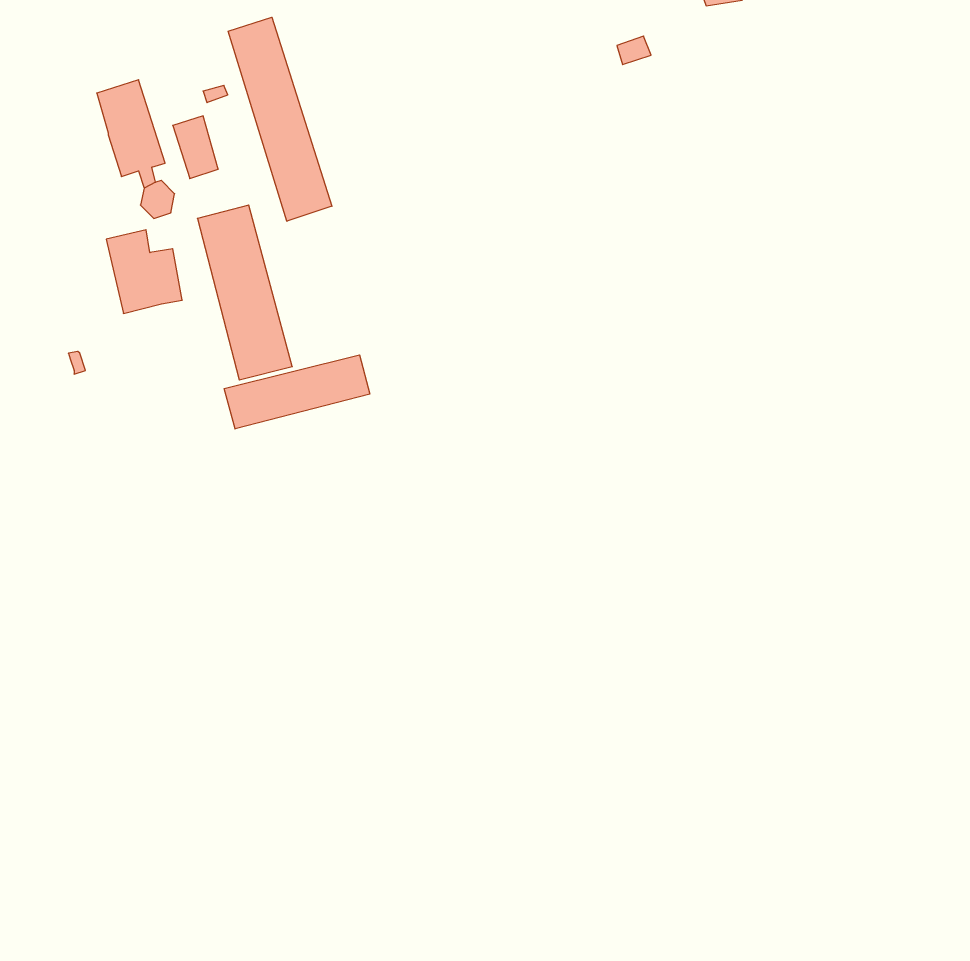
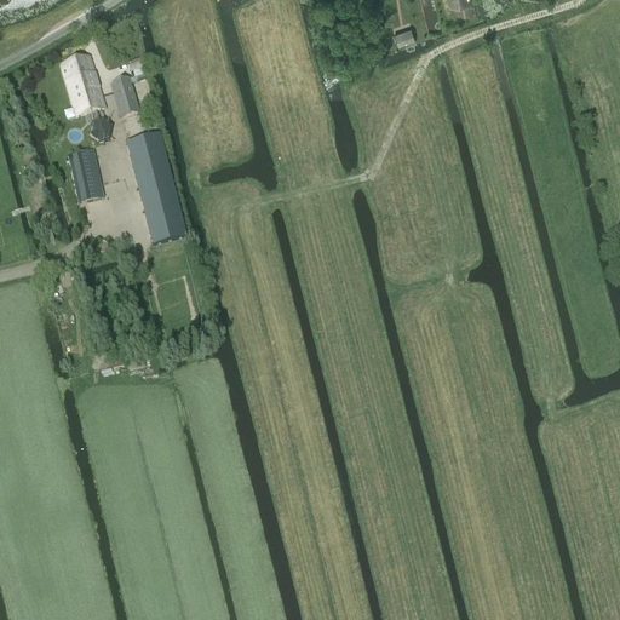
building: [228,17,332,221] -> none
building: [224,355,370,429] -> none

